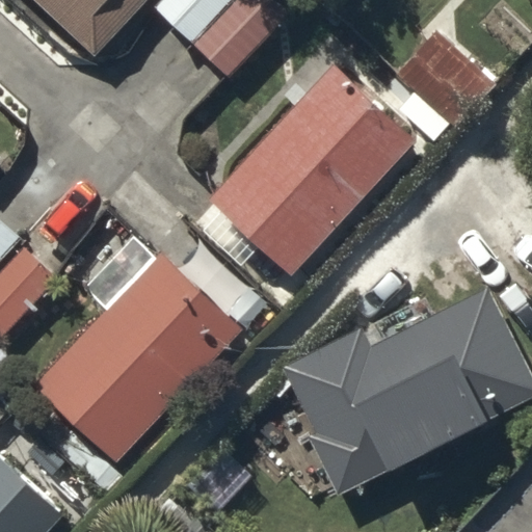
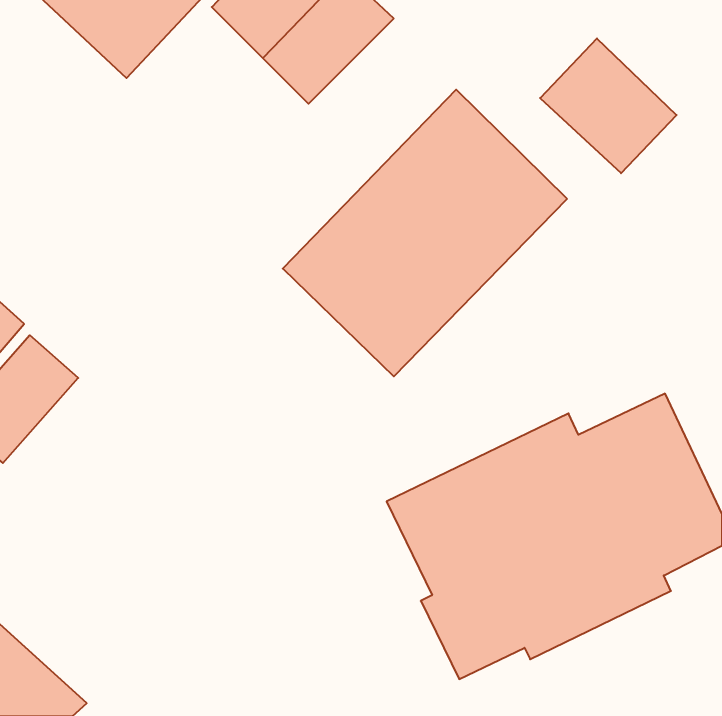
building: [35,246,239,460] -> none

